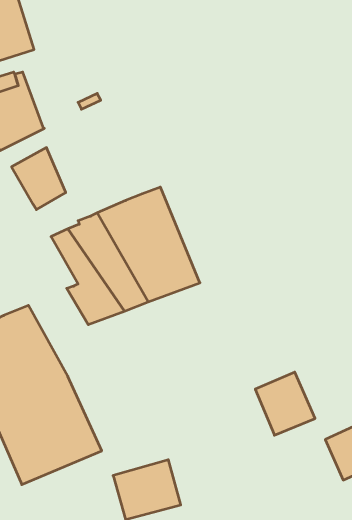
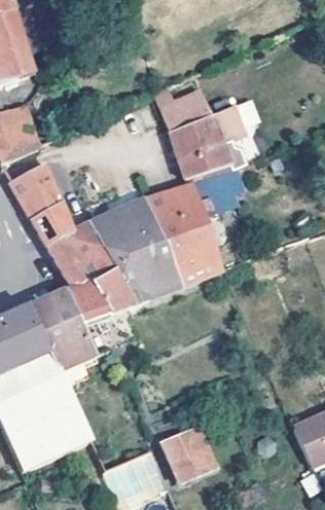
building: none -> [153,83,248,178]
building: none -> [147,176,225,284]
building: none -> [34,202,73,242]
building: none -> [27,289,100,369]
building: [255,372,315,435] -> [167,423,221,480]

